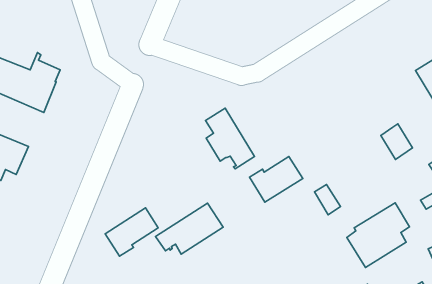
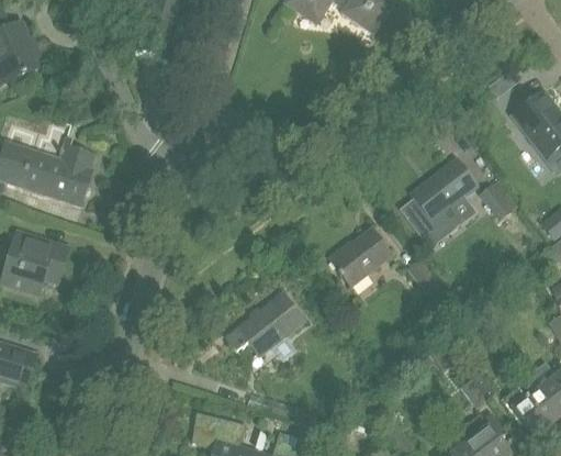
building: [206,108,255,169] -> none
building: [347,203,410,267] -> [403,159,475,238]
building: [105,208,158,256] -> none

